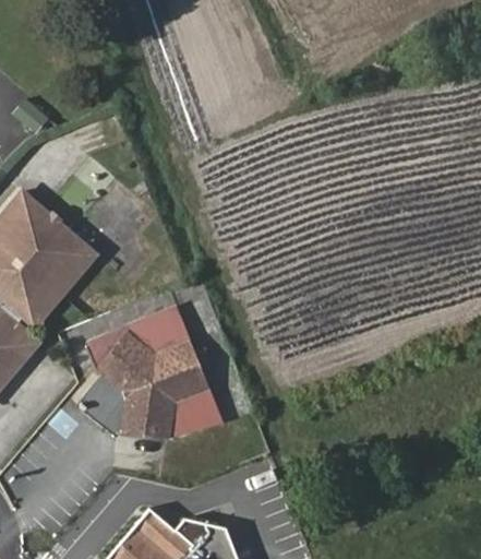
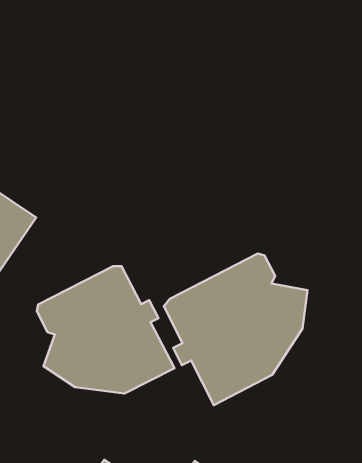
building: none -> [164,253,307,405]

